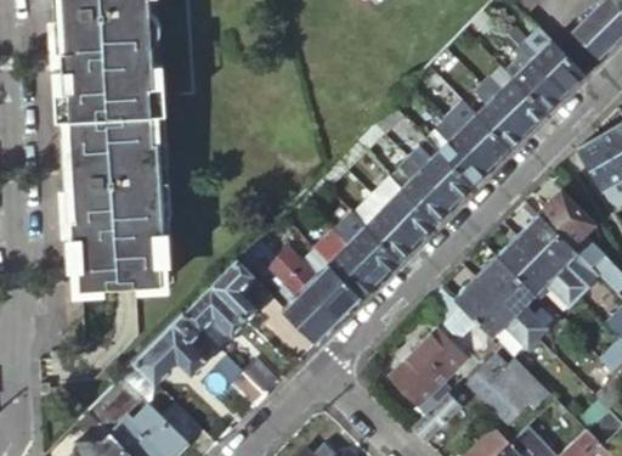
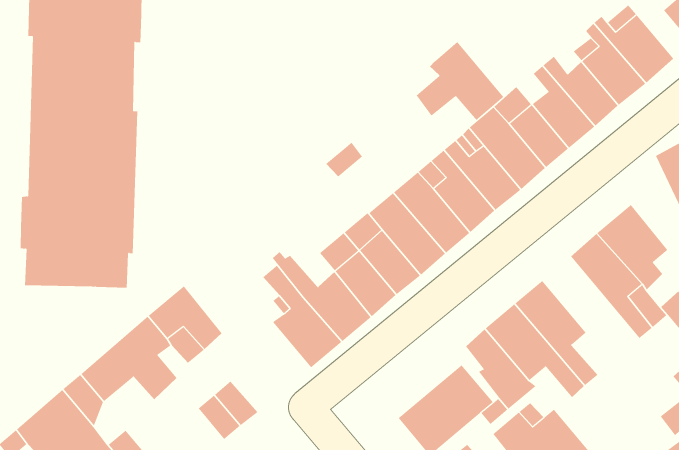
building: none -> [416,41,504,121]
building: [496,235,577,305] -> none
building: [210,260,259,320] -> none

